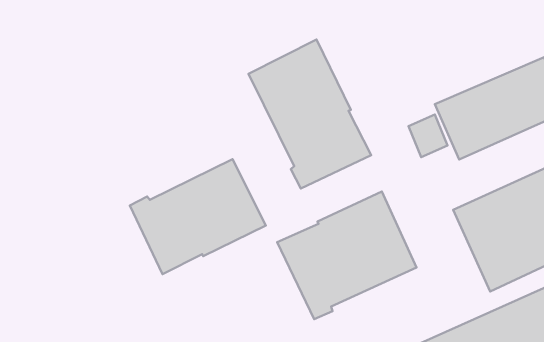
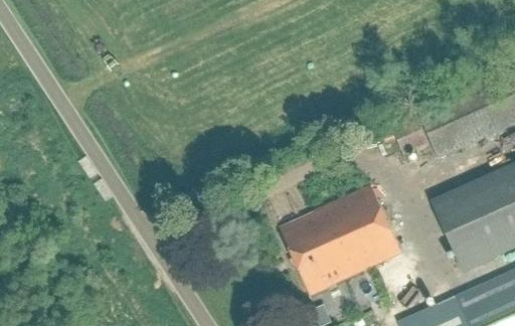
building: [249,40,371,189] -> none
building: [130,159,266,274] -> none

